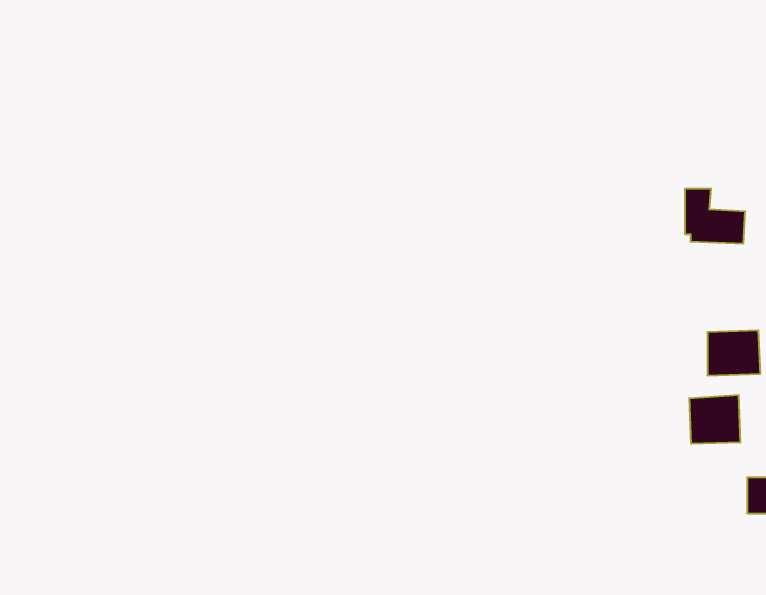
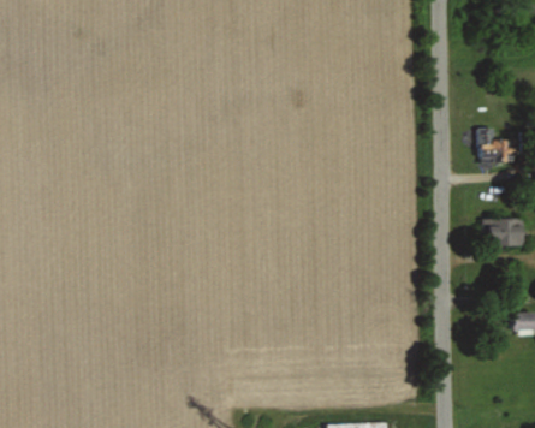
building: [690,395,740,444] -> none

